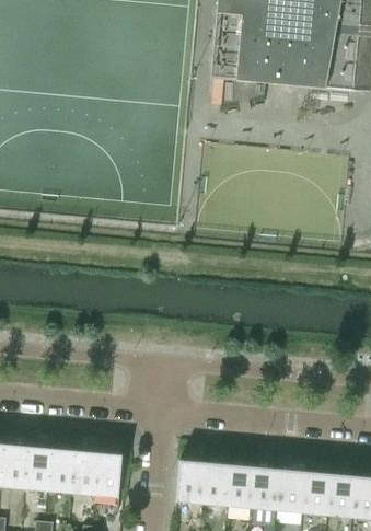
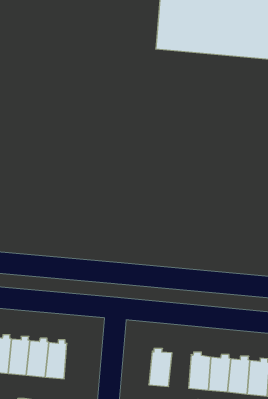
building: [95,449,124,498] -> none
building: [176,454,207,504] -> none
building: [228,460,256,508] -> none

